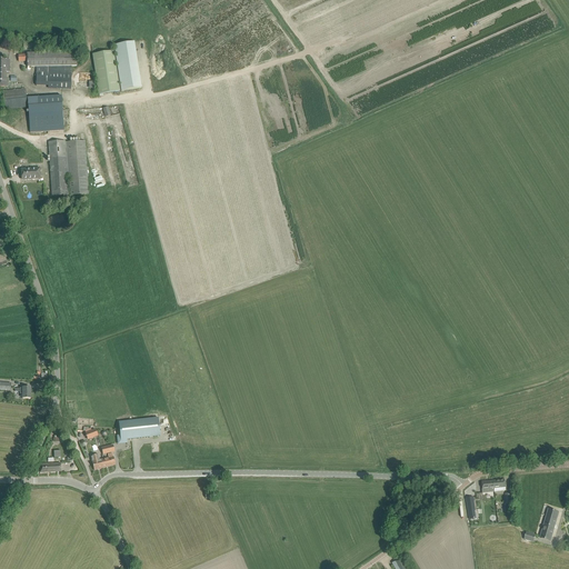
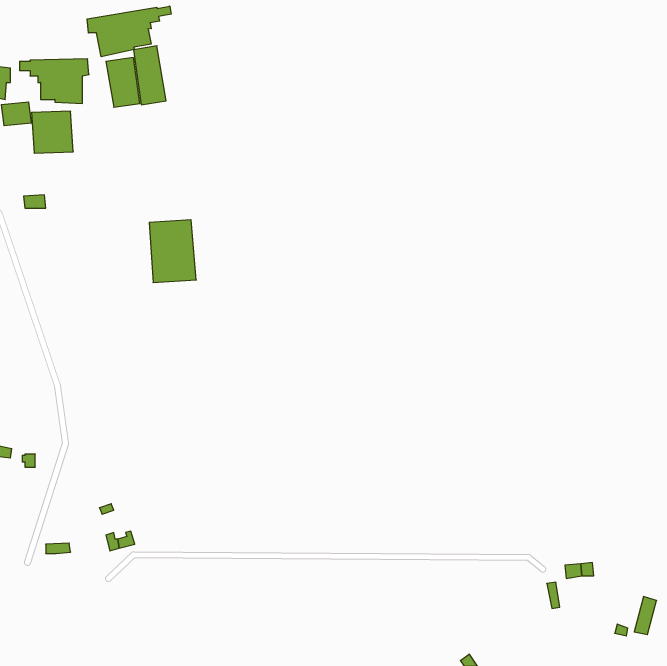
building: none -> [87,6,171,57]
building: [48,141,88,194] -> [149,220,196,283]
building: [118,416,159,438] -> none

